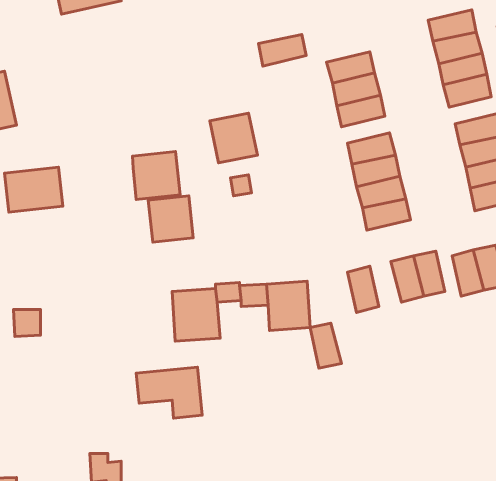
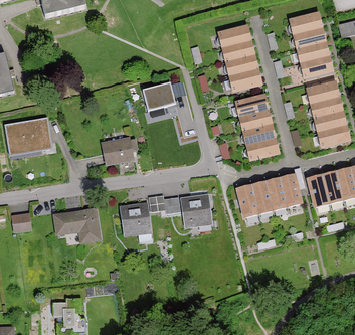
building: [258,35,306,66] -> [219,26,251,47]
building: [133,152,180,200] -> none
building: [310,323,341,368] -> [251,181,273,211]
building: [136,367,202,418] -> [56,208,101,242]

